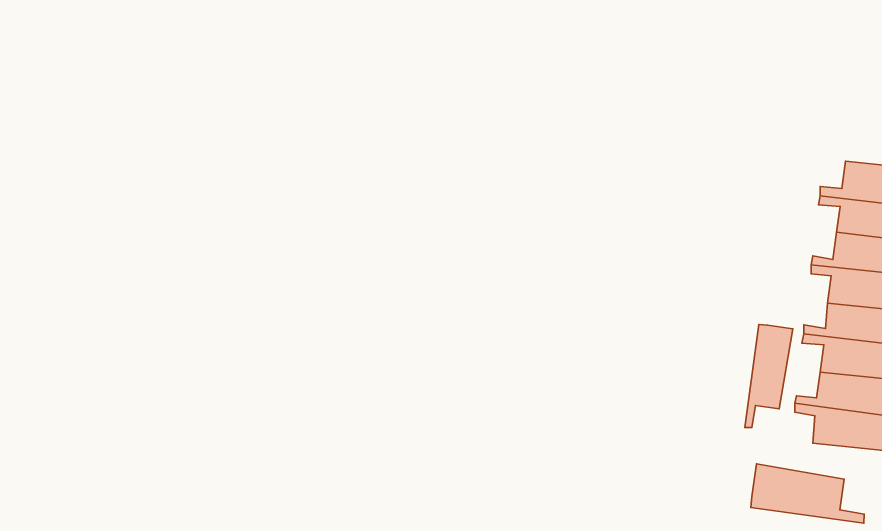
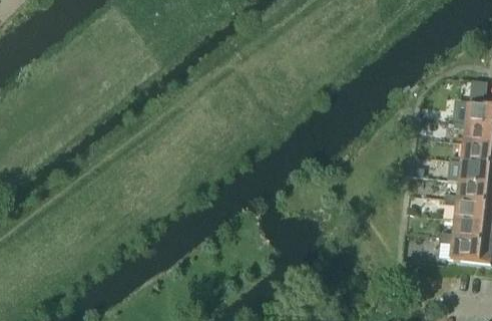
building: [745,325,793,428] -> none
building: [751,464,864,523] -> none

